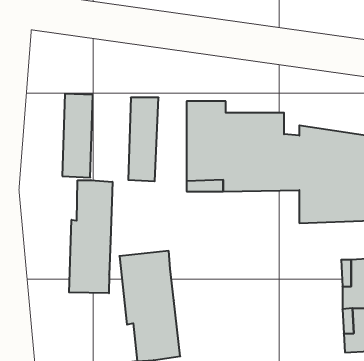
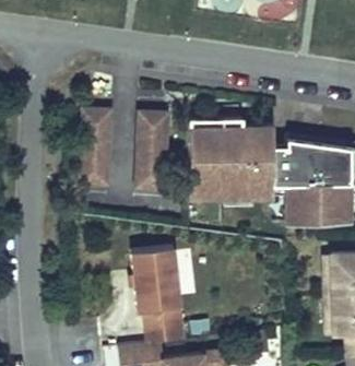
building: [69,180,112,293] -> none

